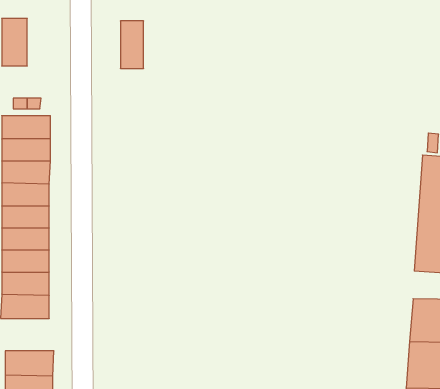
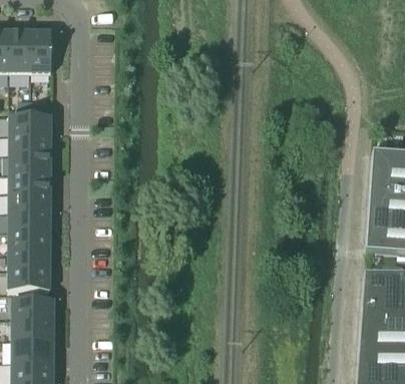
building: [120,21,144,68] -> [31,29,51,70]
building: none -> [12,297,54,317]

